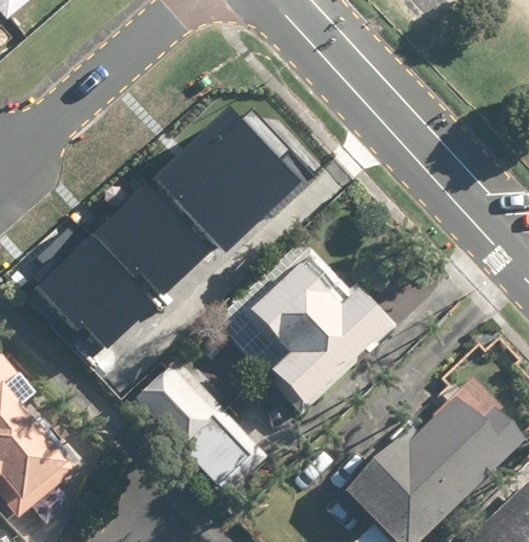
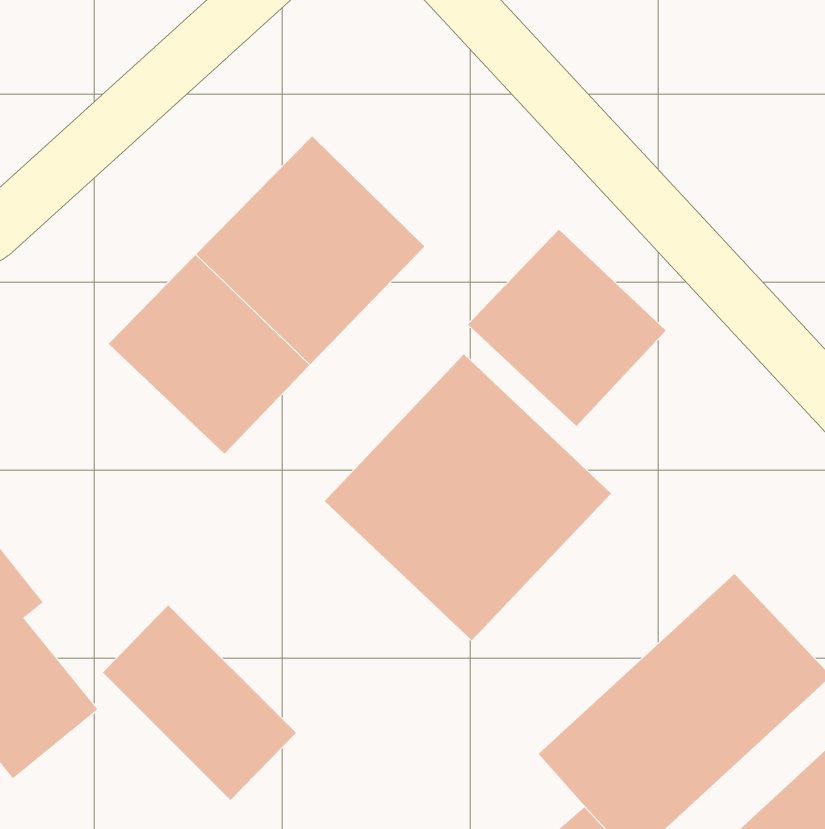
building: none -> [467,229,666,427]
building: [28,236,150,357] -> none
building: [148,376,269,498] -> [102,604,297,801]

